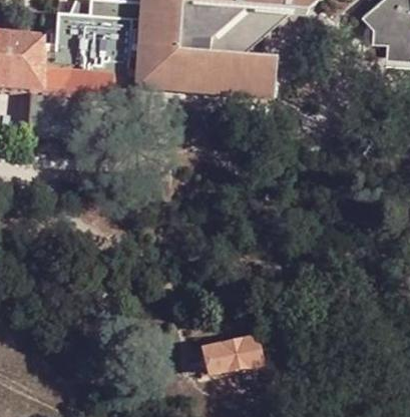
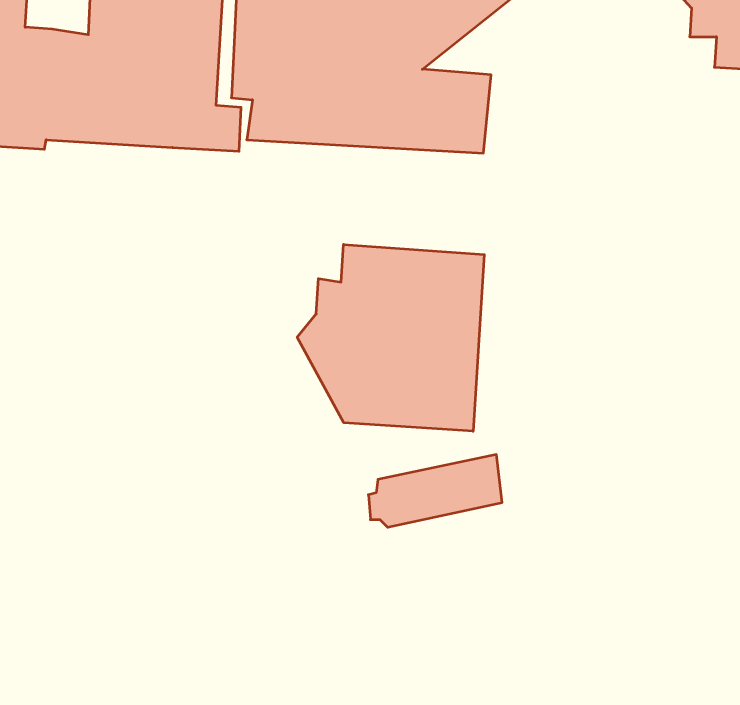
building: none -> [297,244,484,431]
building: [187,338,258,376] -> [368,455,502,527]

